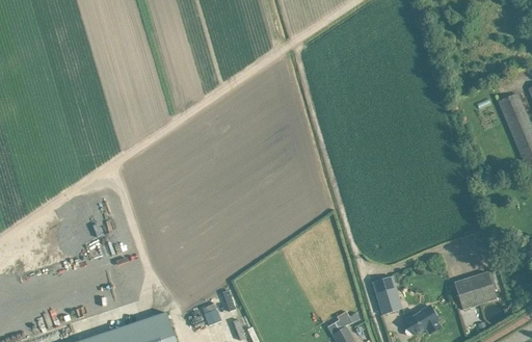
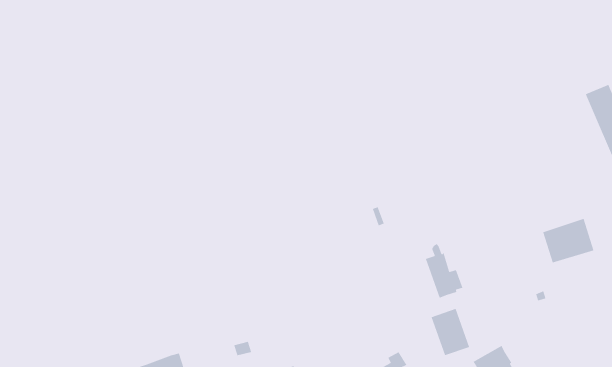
building: none -> [425,243,464,299]
building: [454,271,497,309] -> [542,218,594,264]

